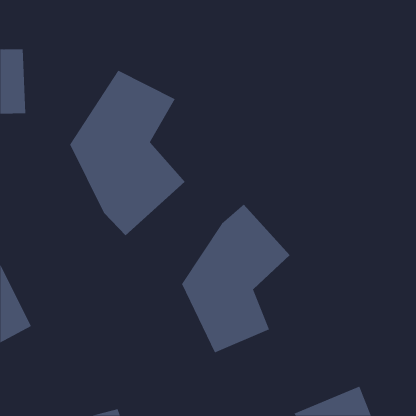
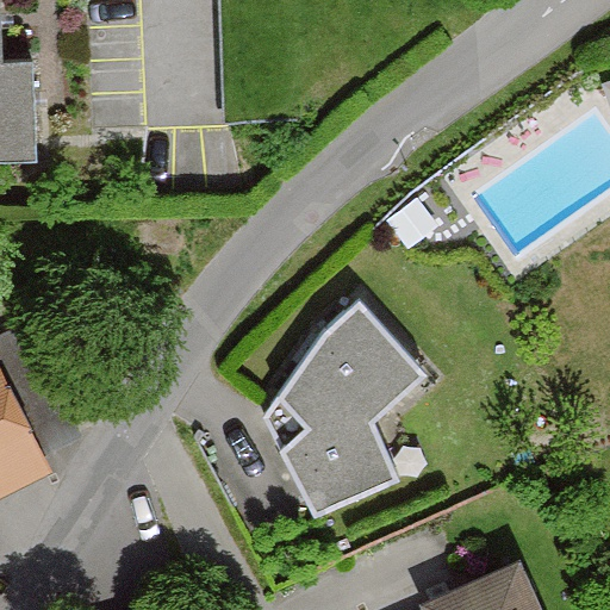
building: [70,70,185,236] -> none

